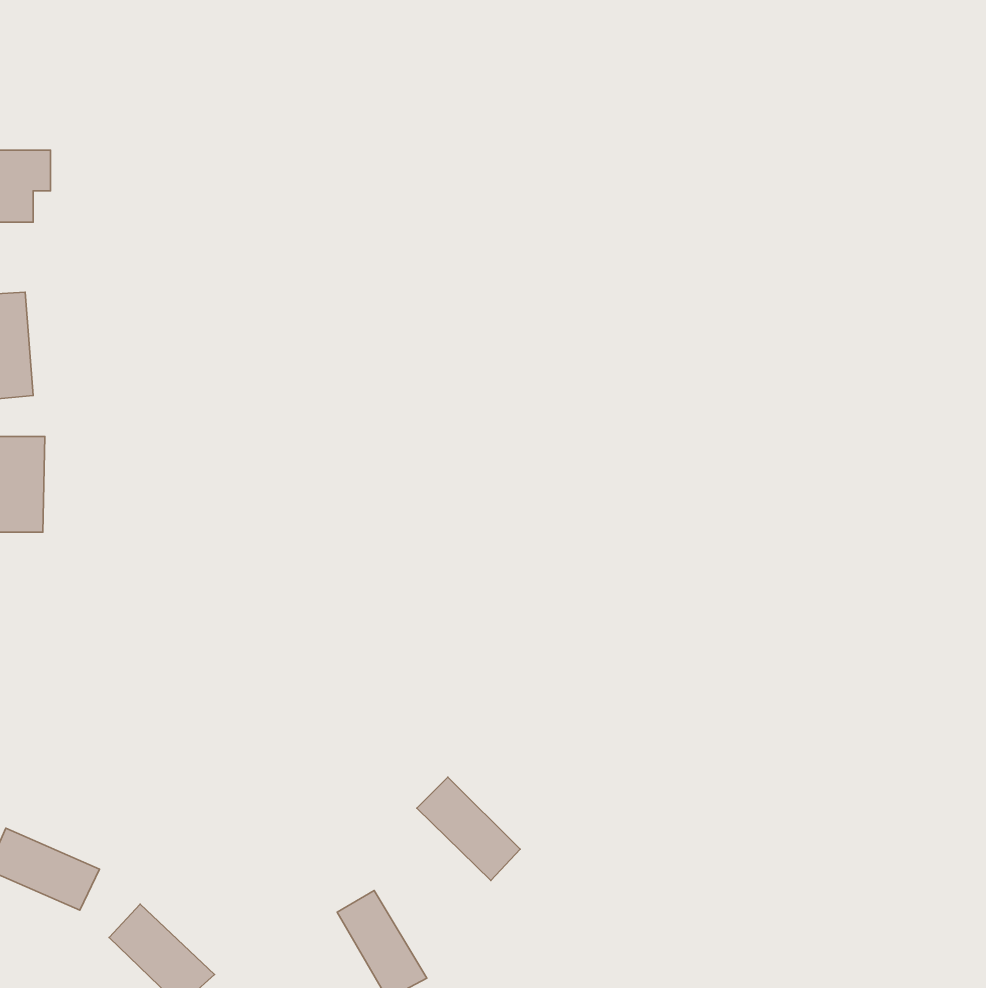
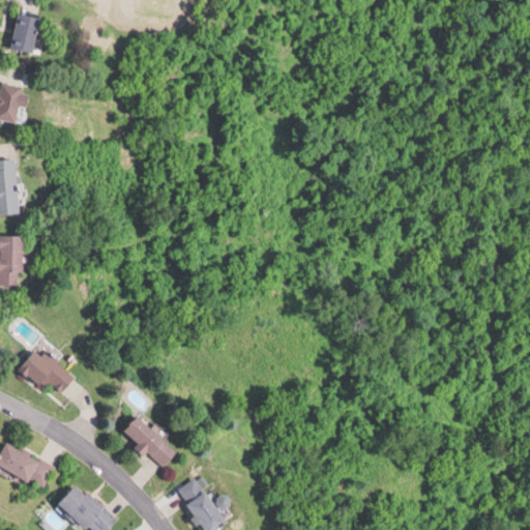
building: none -> [10,12,39,53]
building: none -> [20,350,75,396]
building: [417,777,520,880] -> [123,415,178,470]

